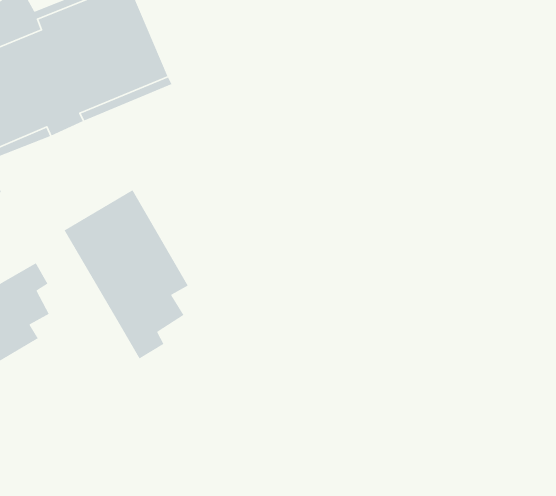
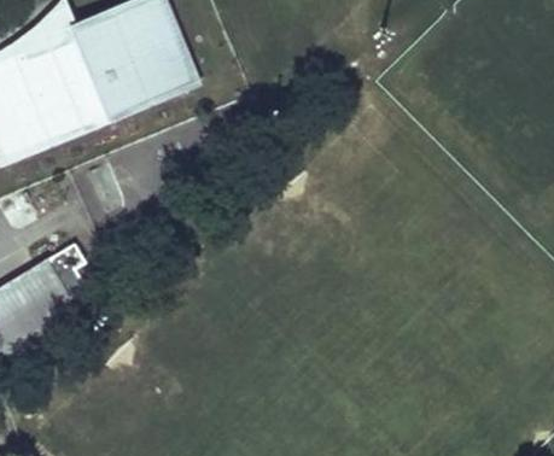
building: [63,189,189,359] -> none

